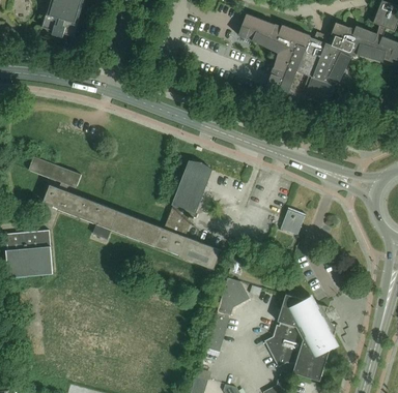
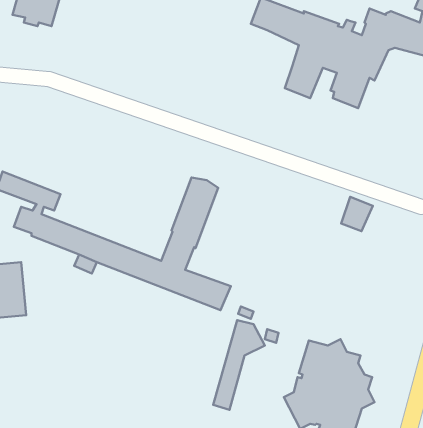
building: [280,207,306,235] -> [341,197,373,231]

